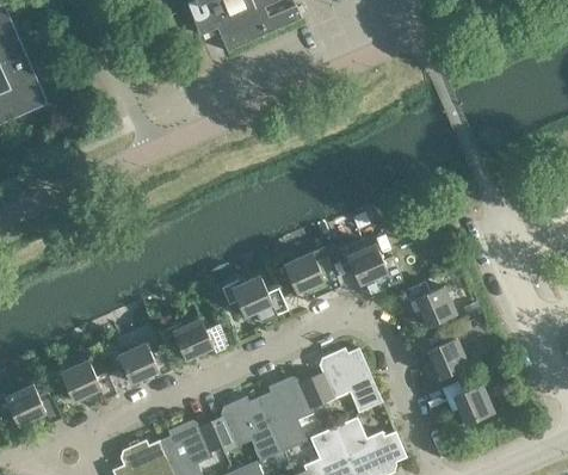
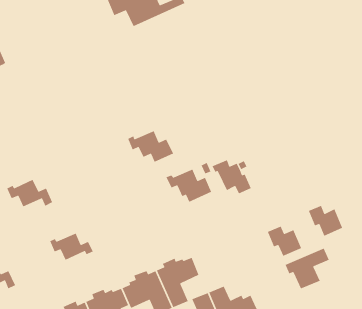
building: [221,276,288,322] -> [127,130,174,163]
building: [405,280,455,326] -> [308,205,343,237]
building: [161,319,228,359] -> none
building: [310,347,382,412] -> none
building: [49,359,116,400] -> [6,179,53,208]

